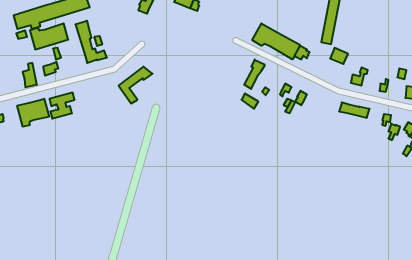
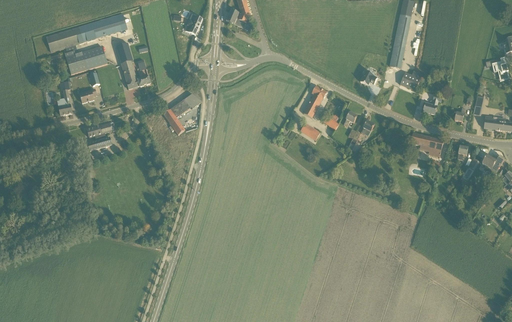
building: [252,23,300,59] -> none
building: [17,99,49,127] -> none

